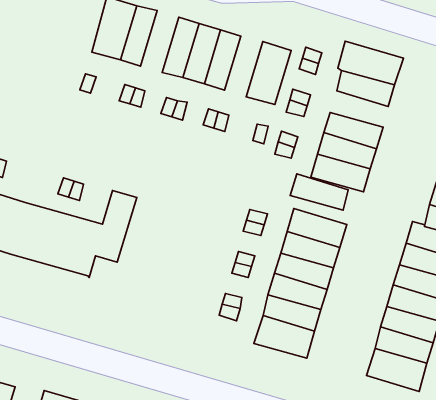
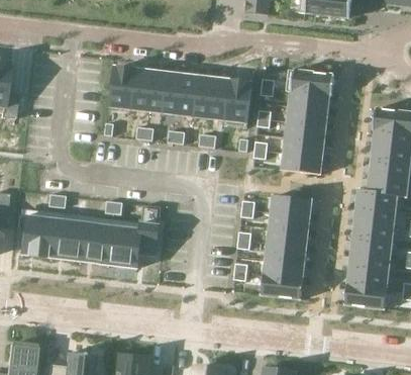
building: none -> [146,70,168,113]
building: none -> [209,78,230,120]
building: [290,174,348,210] -> [287,105,327,125]

